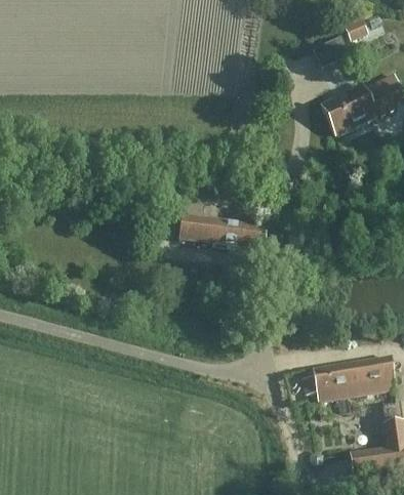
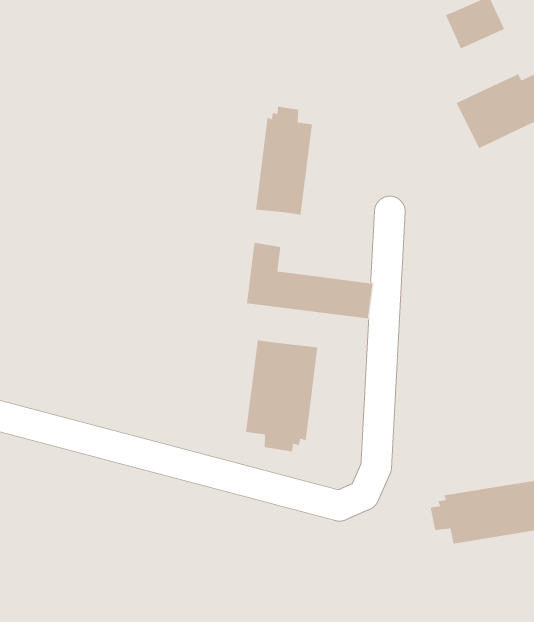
building: none -> [256,106,312,216]
building: none -> [246,339,318,452]

